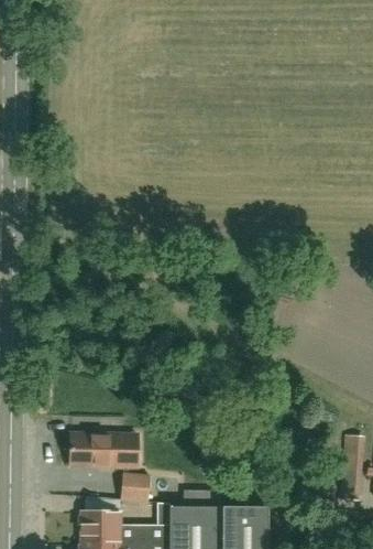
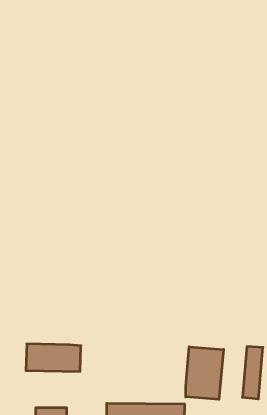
building: none -> [186,347,224,399]
building: [121,473,150,500] -> none

